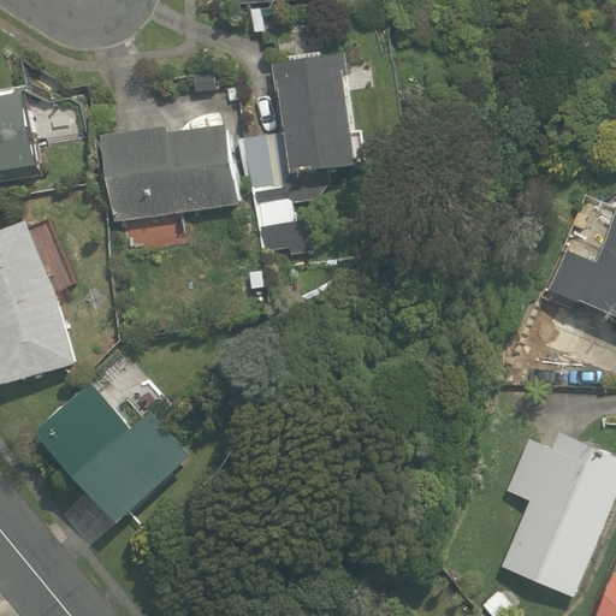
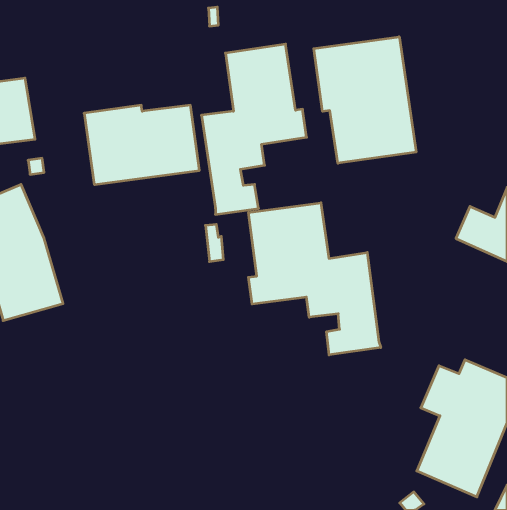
building: none -> [314,37,416,163]
building: none -> [248,203,381,355]
building: [36,384,194,525] -> none

